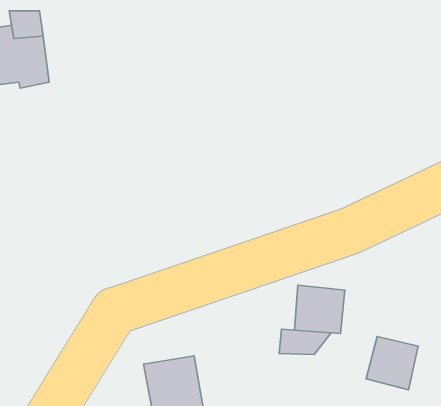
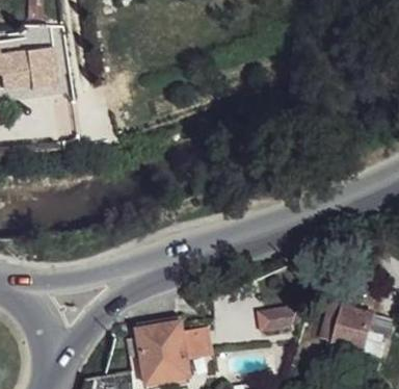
building: [295,285,345,333] -> none
building: none -> [181,318,212,359]

